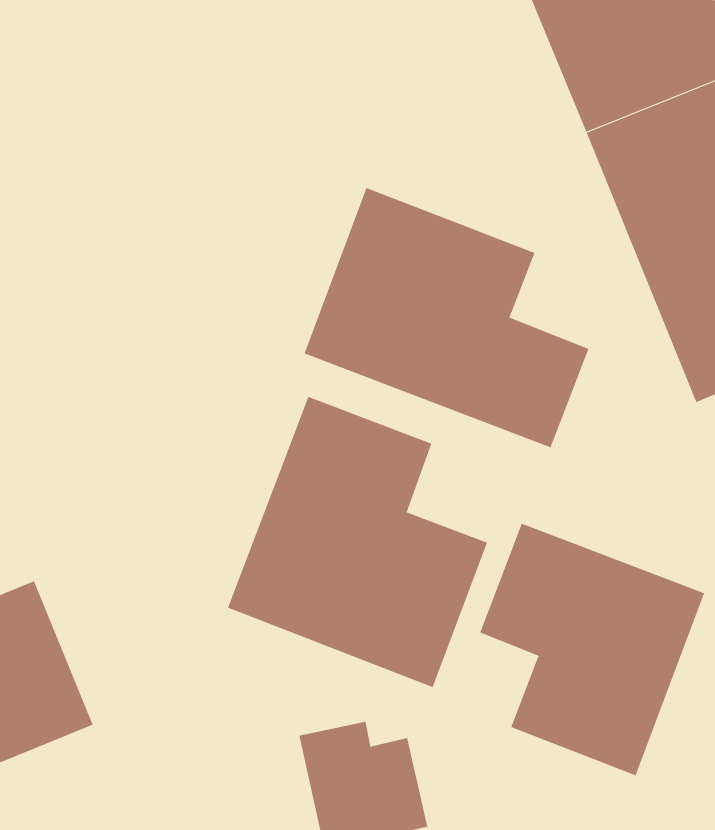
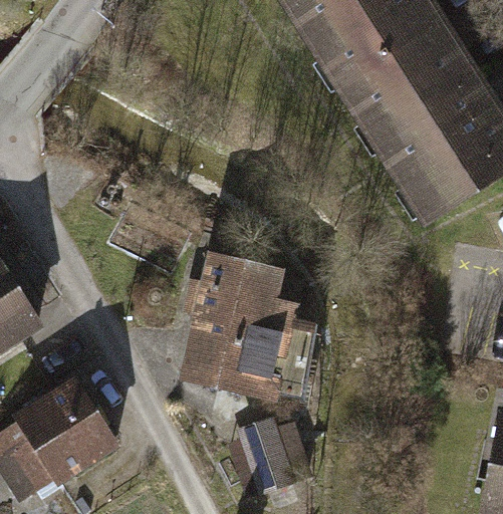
building: [304,187,589,448] -> none
building: [479,523,705,776] -> none

